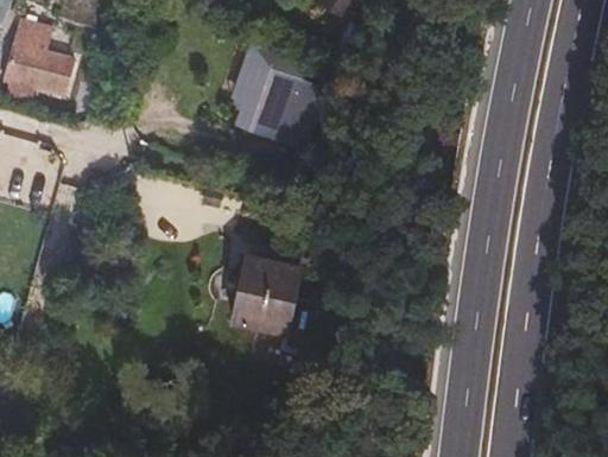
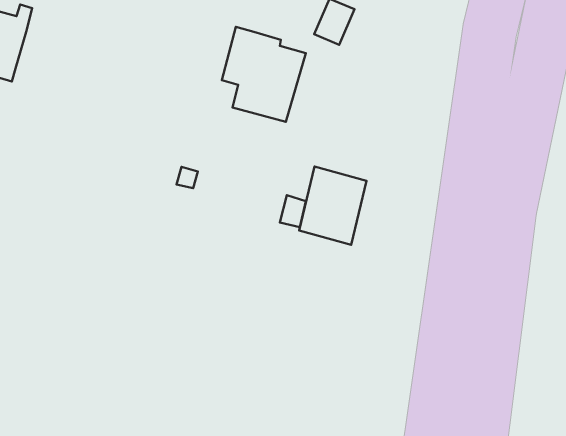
building: [36,49,75,93] -> none
building: [227,256,294,335] -> [299,167,367,245]

